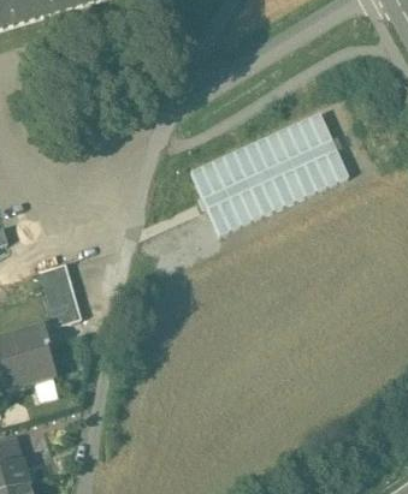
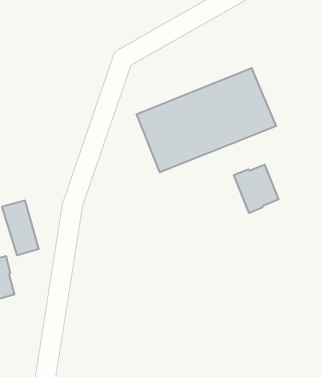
building: none -> [234,164,279,213]

